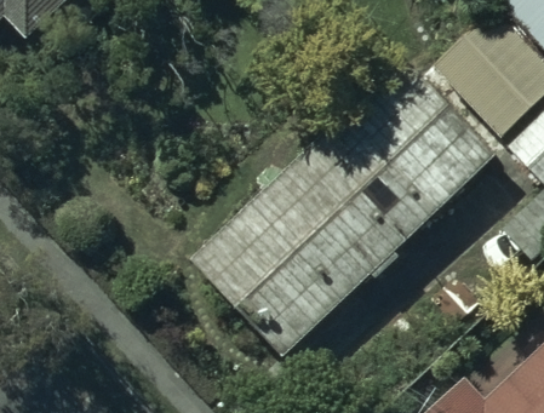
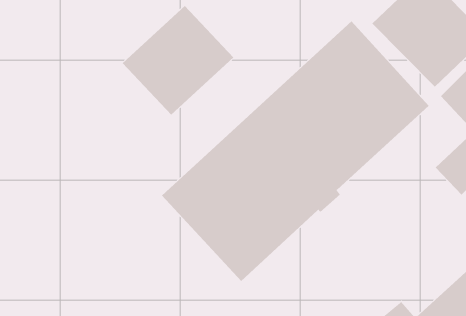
building: none -> [122,5,234,115]

